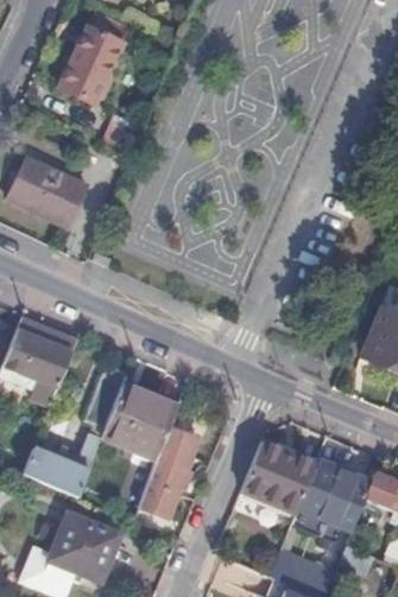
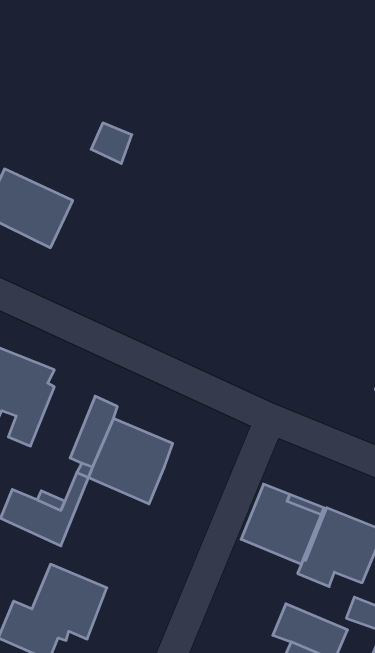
building: [59,12,129,104] -> none
building: [138,425,201,519] -> none

